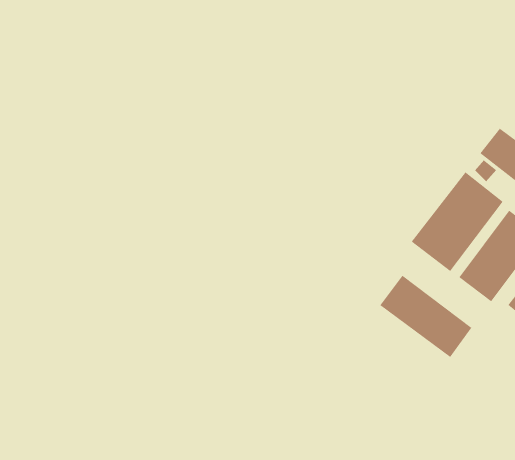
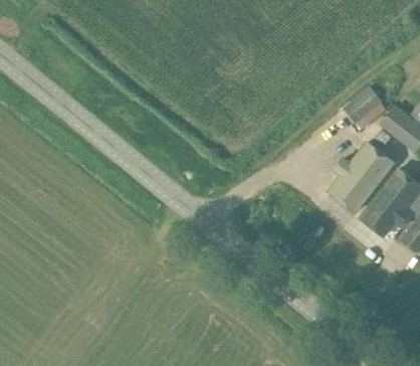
building: none -> [343,85,387,130]
building: [379,275,472,358] -> none

